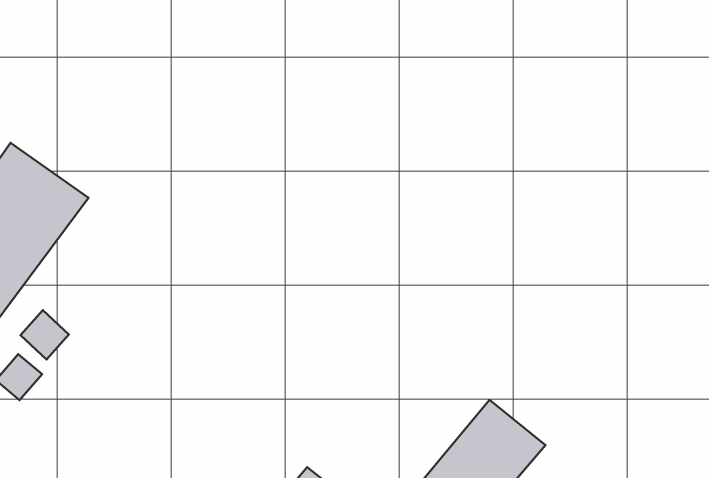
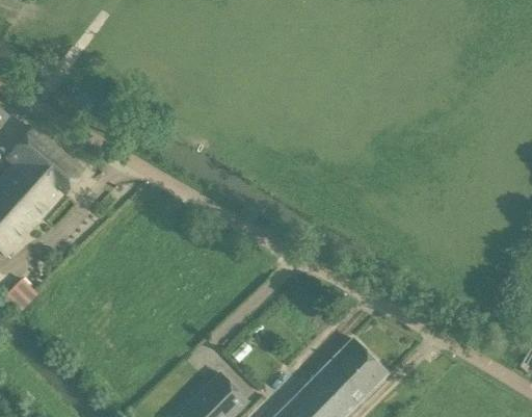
building: [21,310,69,359] -> none

